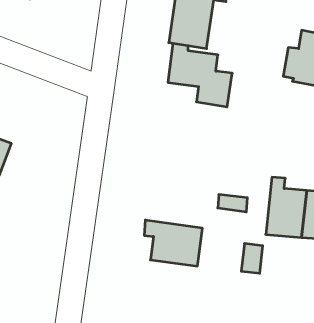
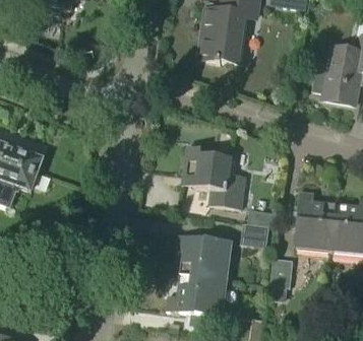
building: [168,44,232,107] -> [181,146,245,209]
building: none -> [240,222,268,247]
building: none -> [166,274,227,318]

